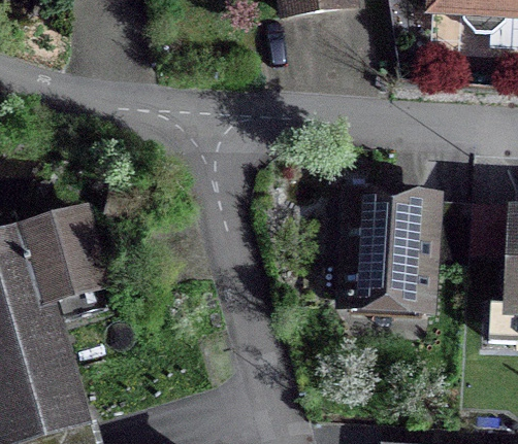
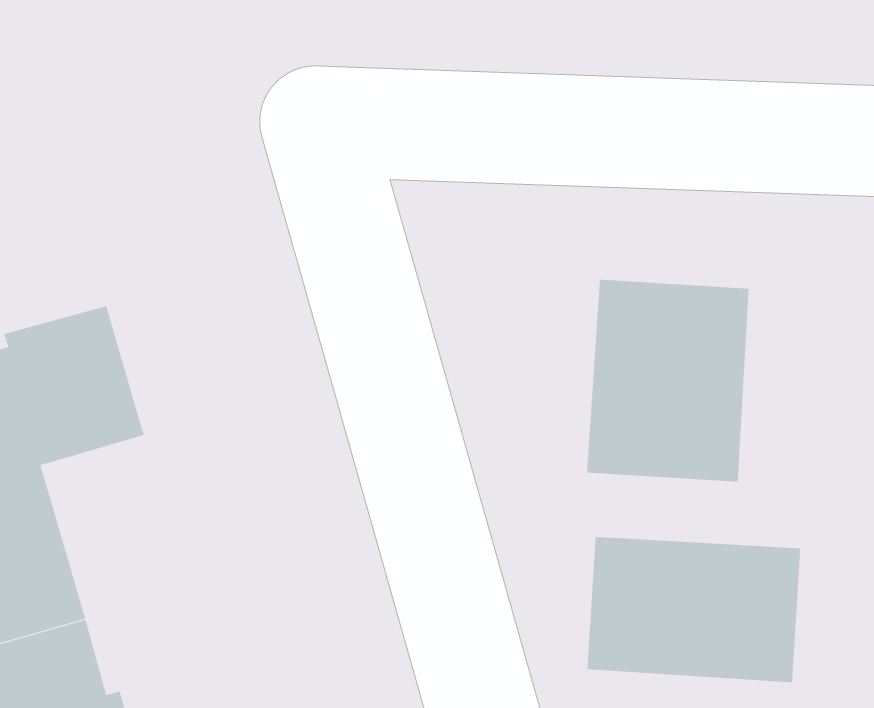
building: none -> [587,536,801,683]

